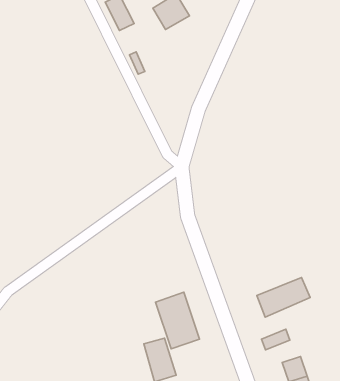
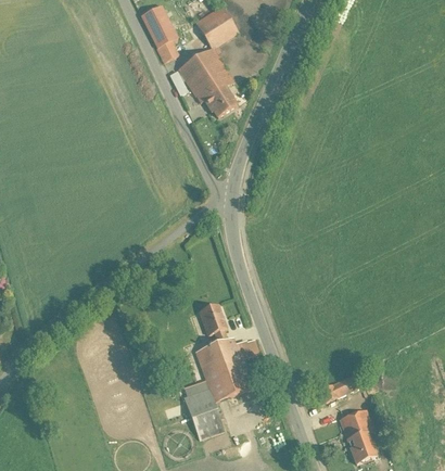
building: none -> [183,48,236,116]
building: none -> [195,305,225,335]
building: [257,278,310,317] -> none

